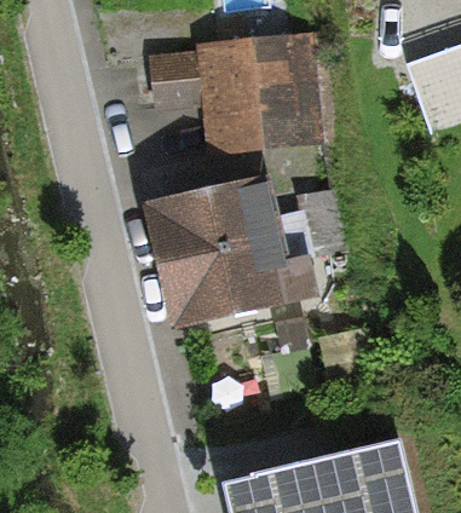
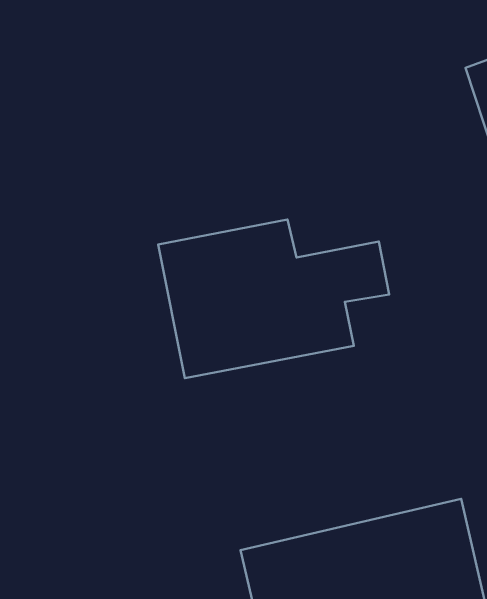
building: [154,48,296,144] -> none

